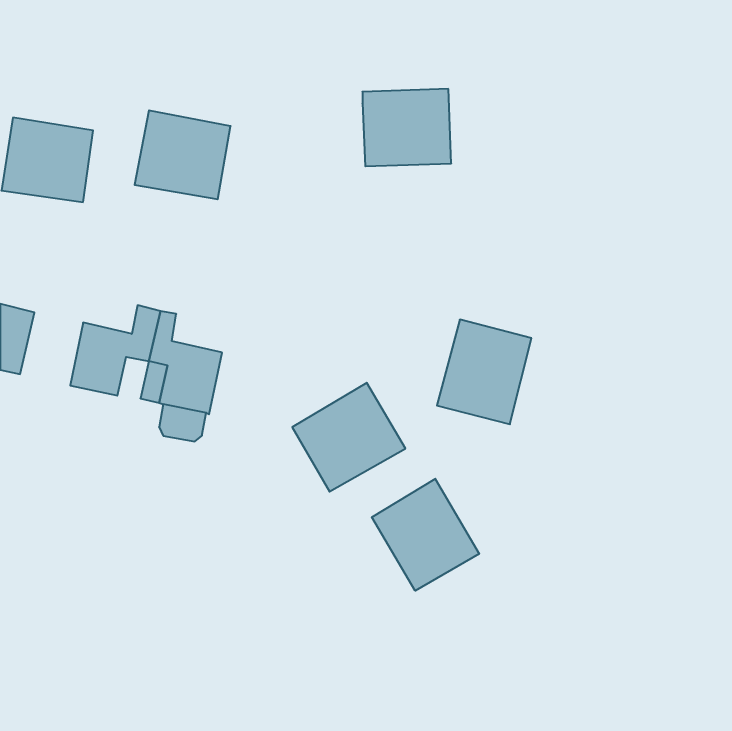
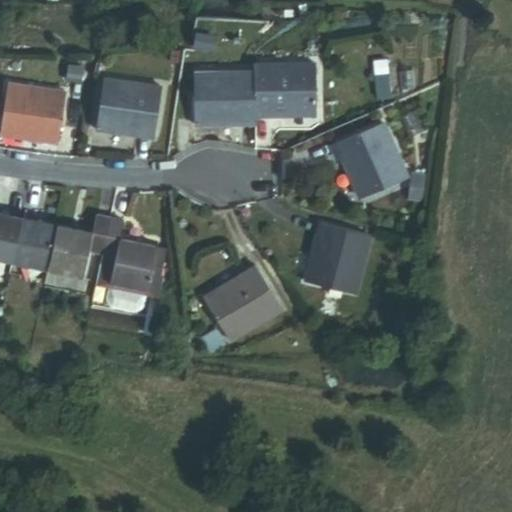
building: none -> [193,72,255,127]
building: none -> [338,124,407,198]
building: none -> [14,218,58,269]
building: [372,479,479,591] -> none

